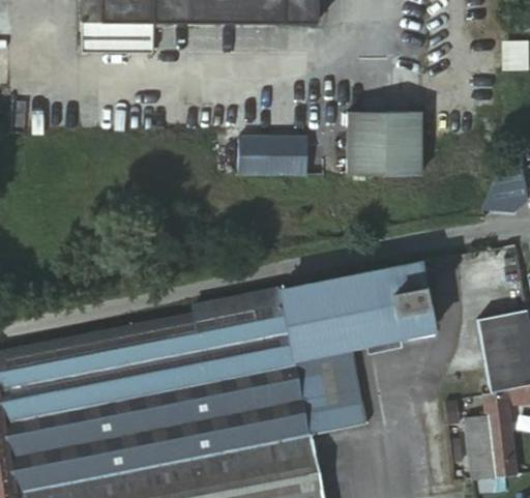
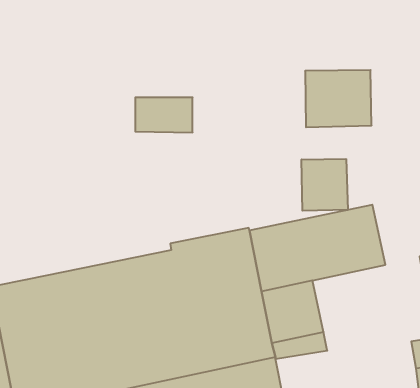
building: [238,135,302,174] -> [135,97,193,132]
building: none -> [302,159,348,211]

